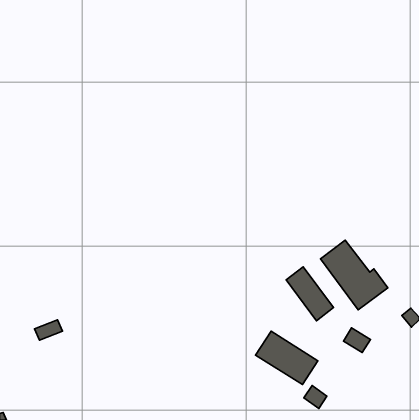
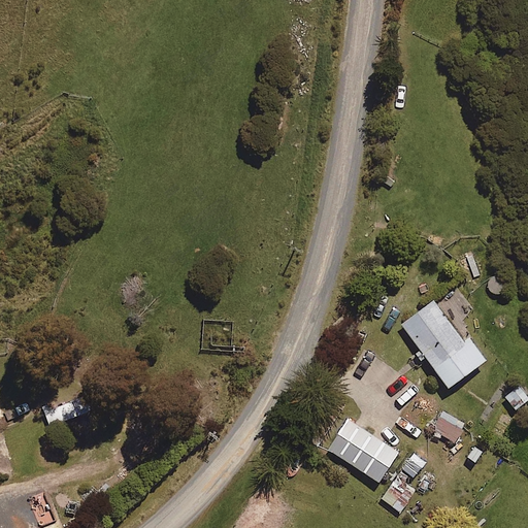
building: [286,267,334,321] -> none

